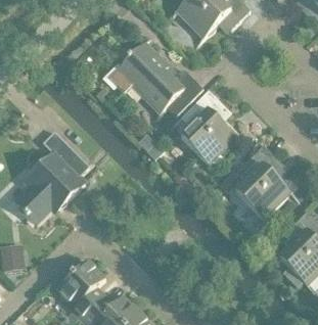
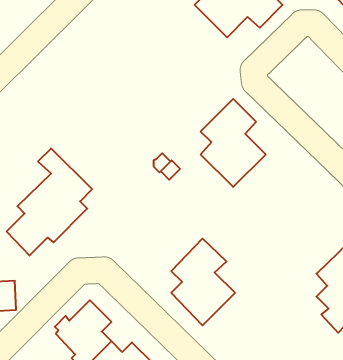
building: [109,42,203,117] -> none
building: [236,145,290,219] -> [171,239,235,325]

